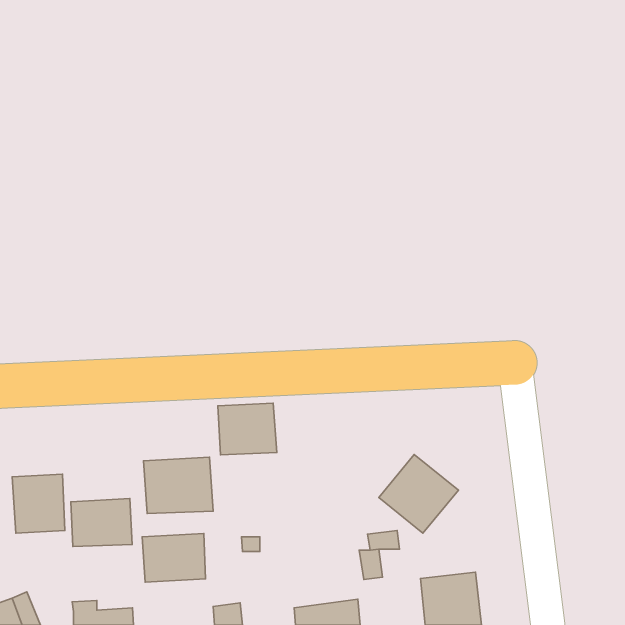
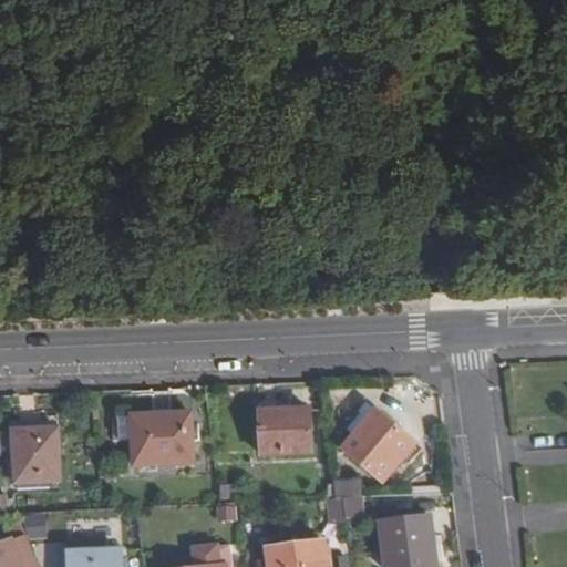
building: [218,403,277,455] -> [258,409,311,455]
building: [71,499,132,547] -> none
building: [142,533,205,582] -> none

